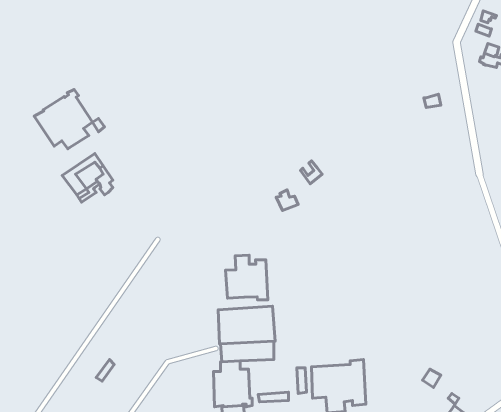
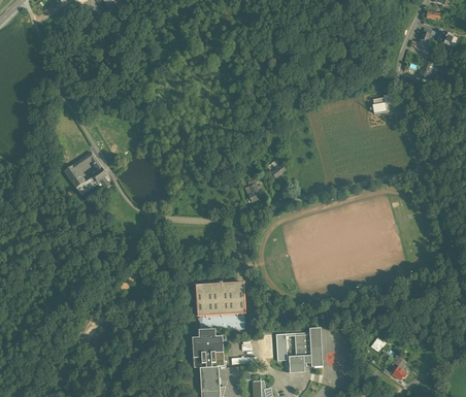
building: [34,89,92,149] -> none
building: [225,255,268,300] -> none

